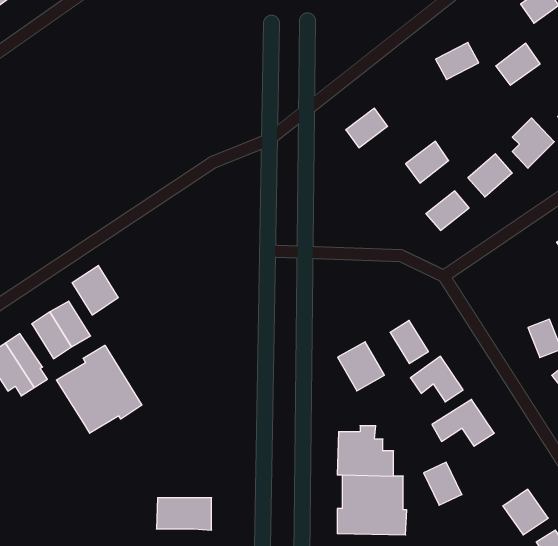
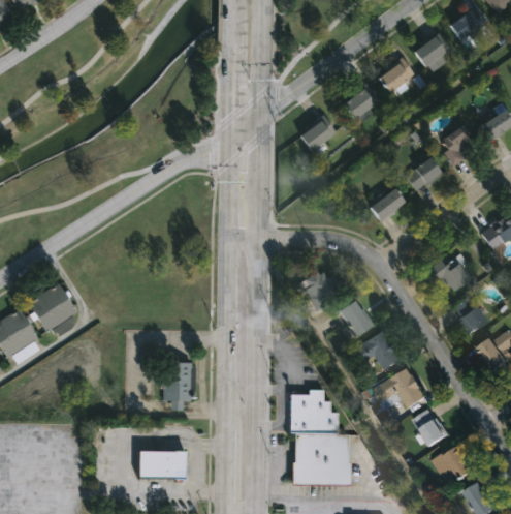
building: [496,43,540,85] -> [412,31,450,67]
building: [406,141,449,183] -> [341,84,378,120]
building: [72,265,118,315] -> none
building: none -> [430,259,469,294]
building: [338,342,384,391] -> [299,269,340,311]
building: [56,345,142,433] -> none
building: none -> [162,363,196,410]
building: [424,462,462,505] -> [414,409,447,446]

